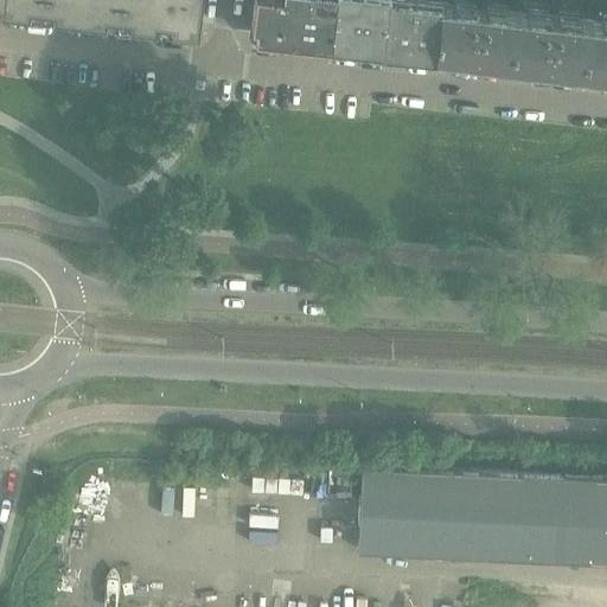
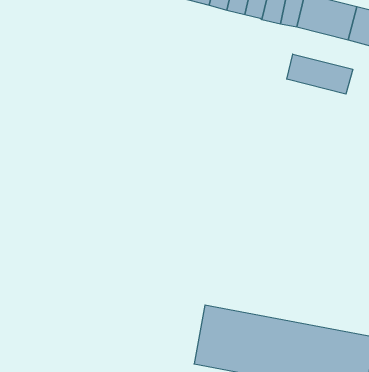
building: none -> [287,54,353,94]

